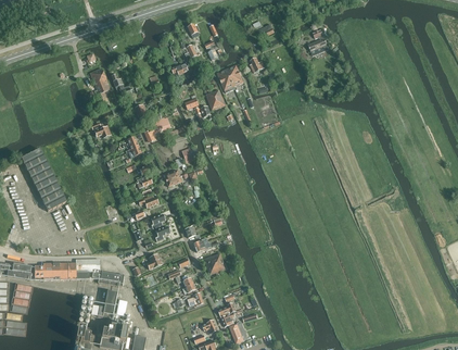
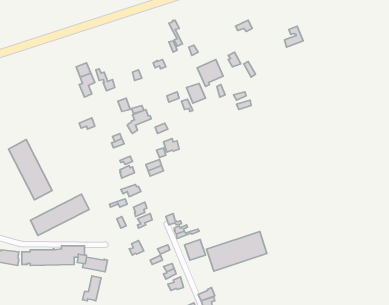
building: none -> [30,194,89,235]
building: none -> [207,231,267,271]

